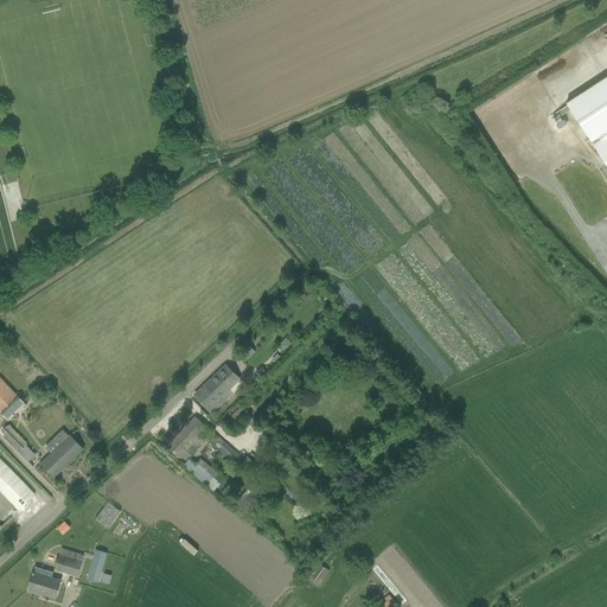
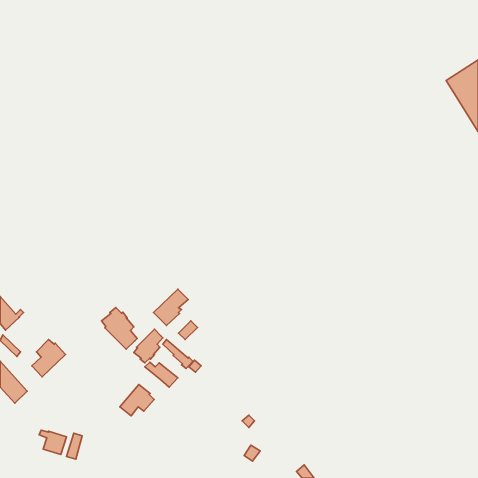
building: none -> [101,308,137,349]
building: none -> [120,385,154,416]
building: [27,570,60,599] -> none

